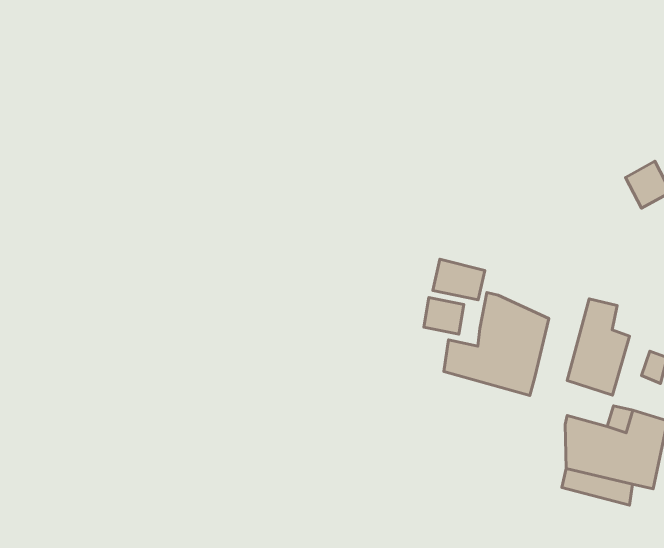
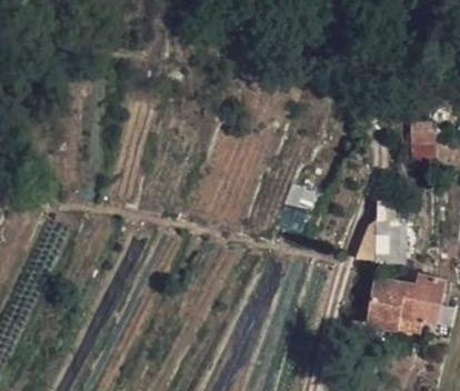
building: [444,292,549,396] -> none

